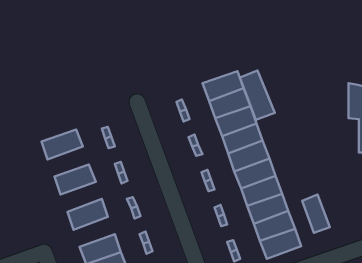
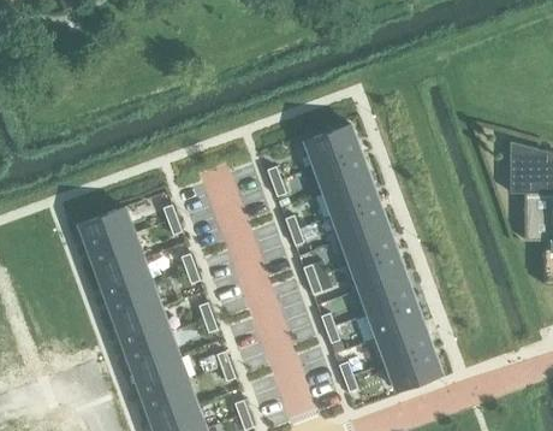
building: [240,70,275,120] -> none
building: none -> [87,231,144,273]
building: none -> [105,281,162,323]
building: [302,195,330,233] -> none
building: none -> [123,330,180,372]

